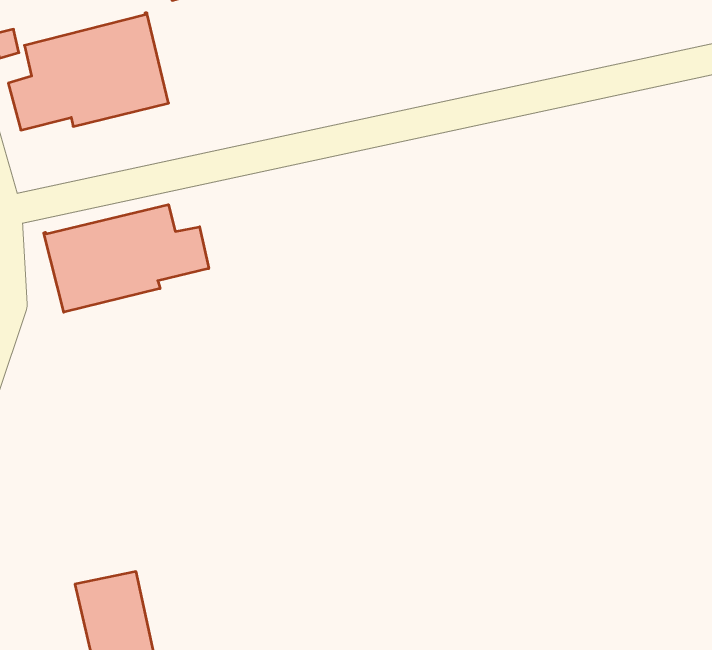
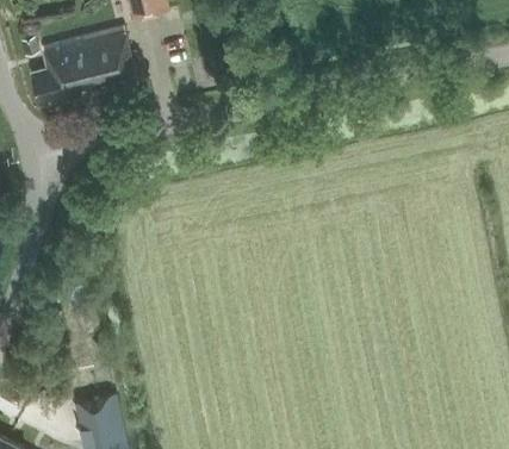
building: [44,205,209,312] -> none

